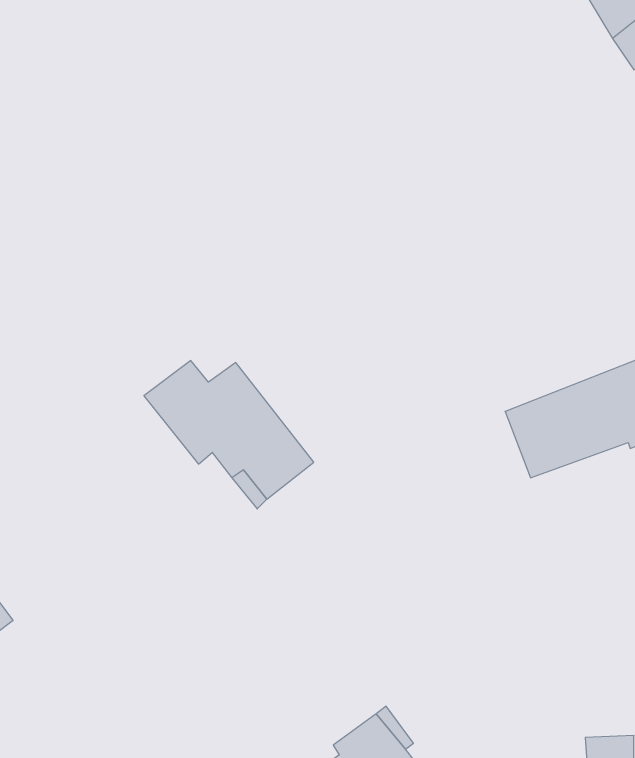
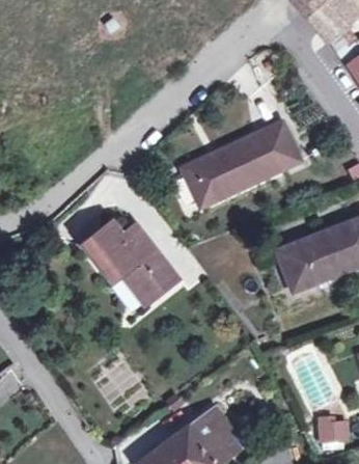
building: none -> [185,122,300,204]

